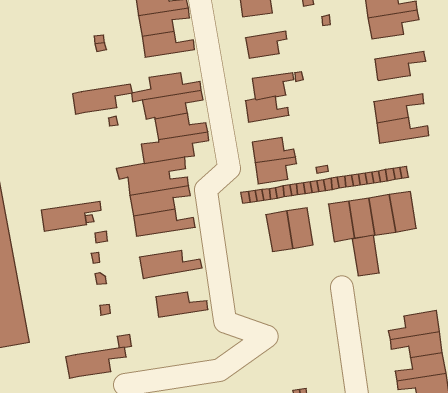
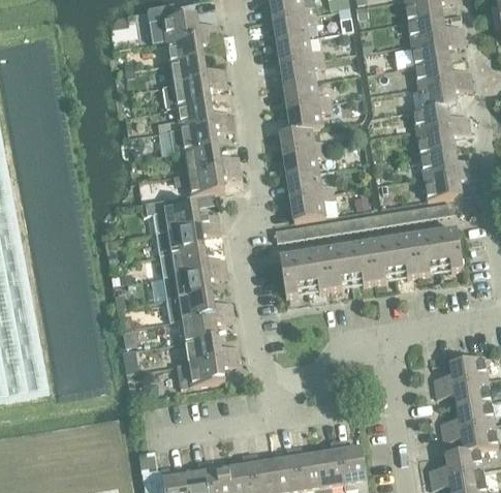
building: none -> [276,36,322,63]
building: none -> [414,59,470,86]
building: none -> [283,80,330,106]
building: none -> [412,104,469,131]
building: [73,84,132,114] -> [162,75,226,107]
building: none -> [282,146,326,175]
building: none -> [422,167,477,198]
building: [41,201,101,231] -> [162,266,226,298]
building: none -> [279,252,308,295]
building: [352,235,379,276] -> [345,241,374,284]
building: none -> [180,309,233,340]
building: [66,347,126,378] -> [176,353,241,387]

